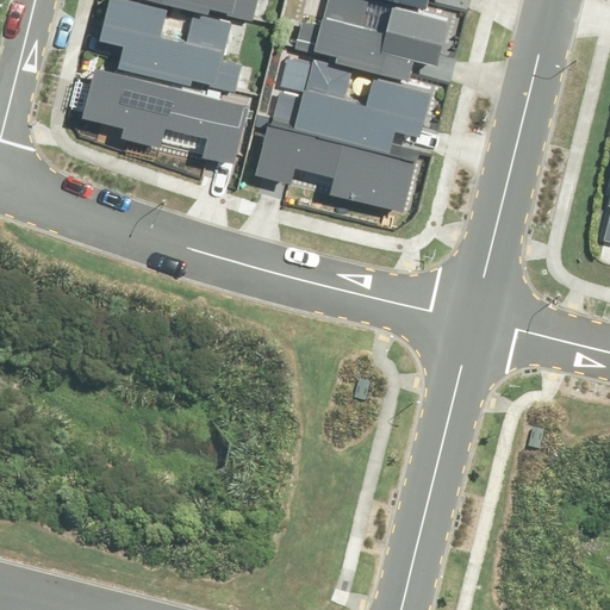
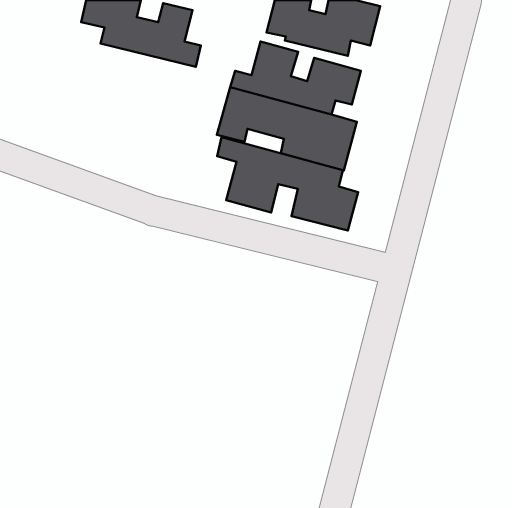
building: [83,68,245,163] -> none
building: none -> [217,137,358,231]

